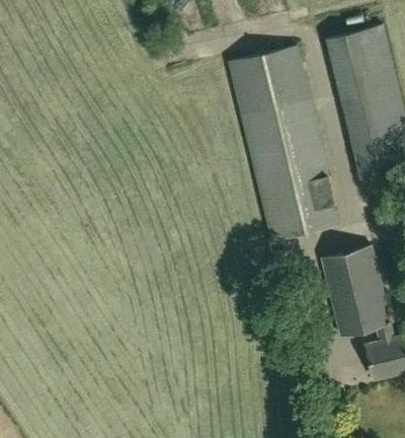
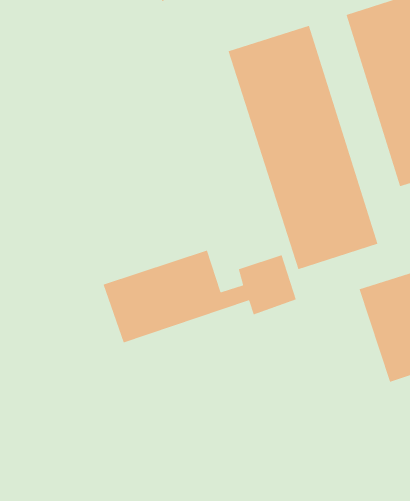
building: none -> [102,250,297,343]

